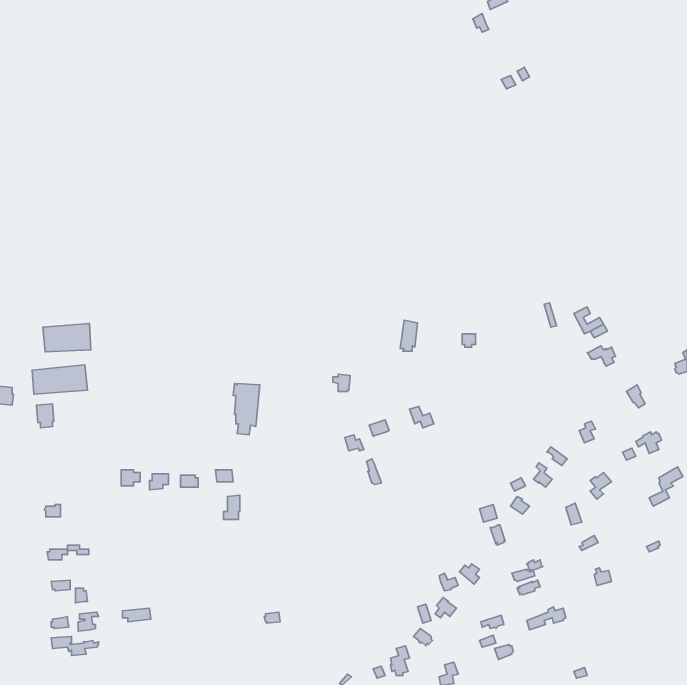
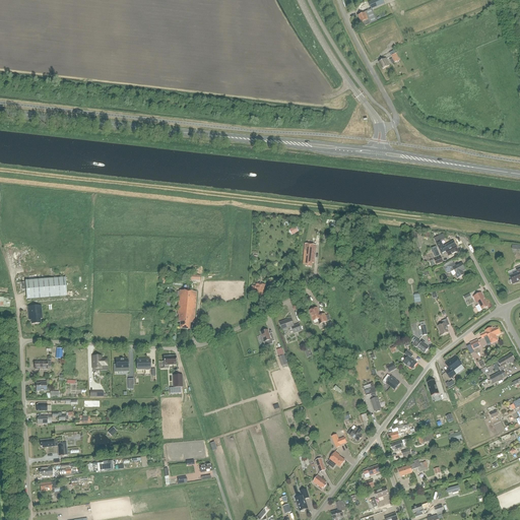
building: [43,324,91,352] -> none

